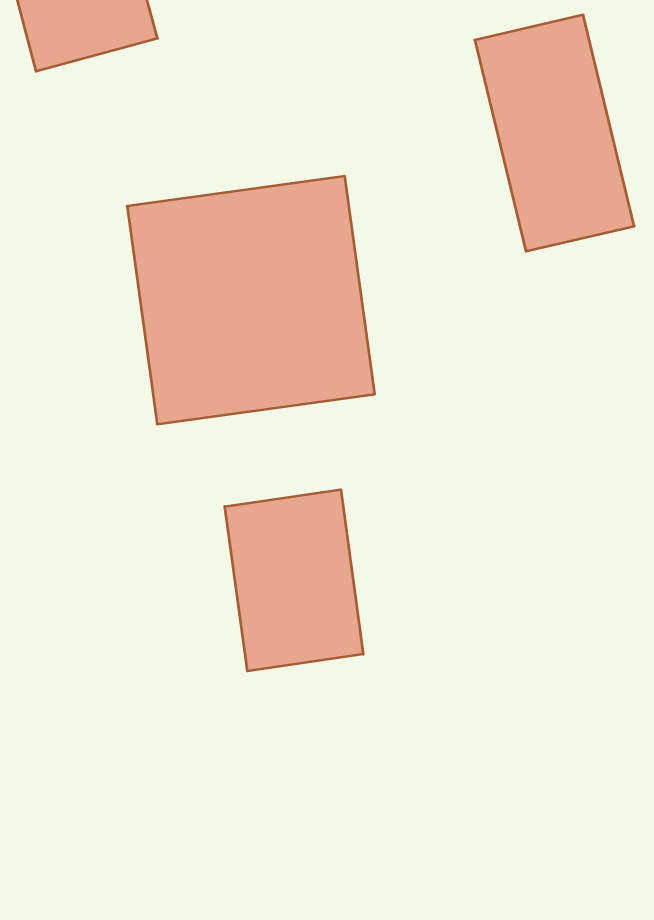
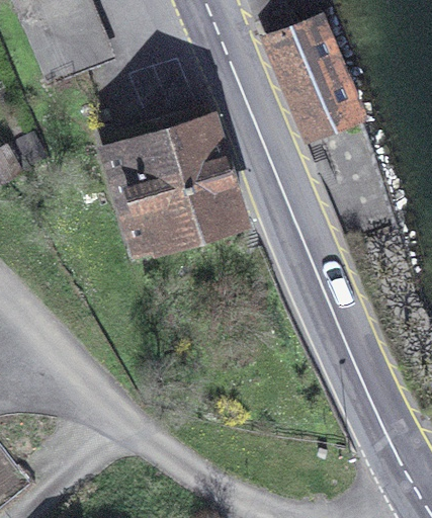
building: [225,490,363,671] -> none

